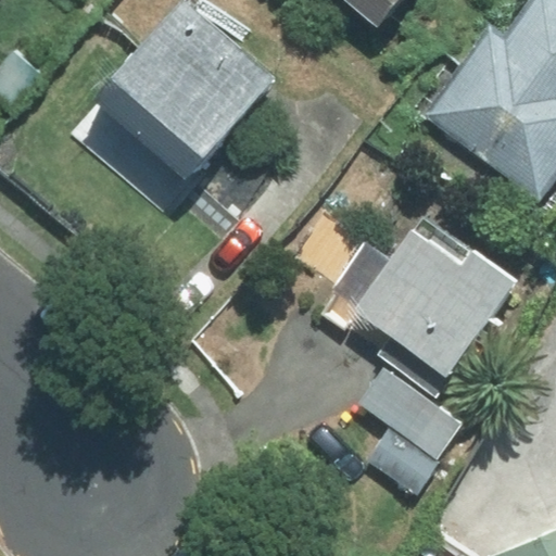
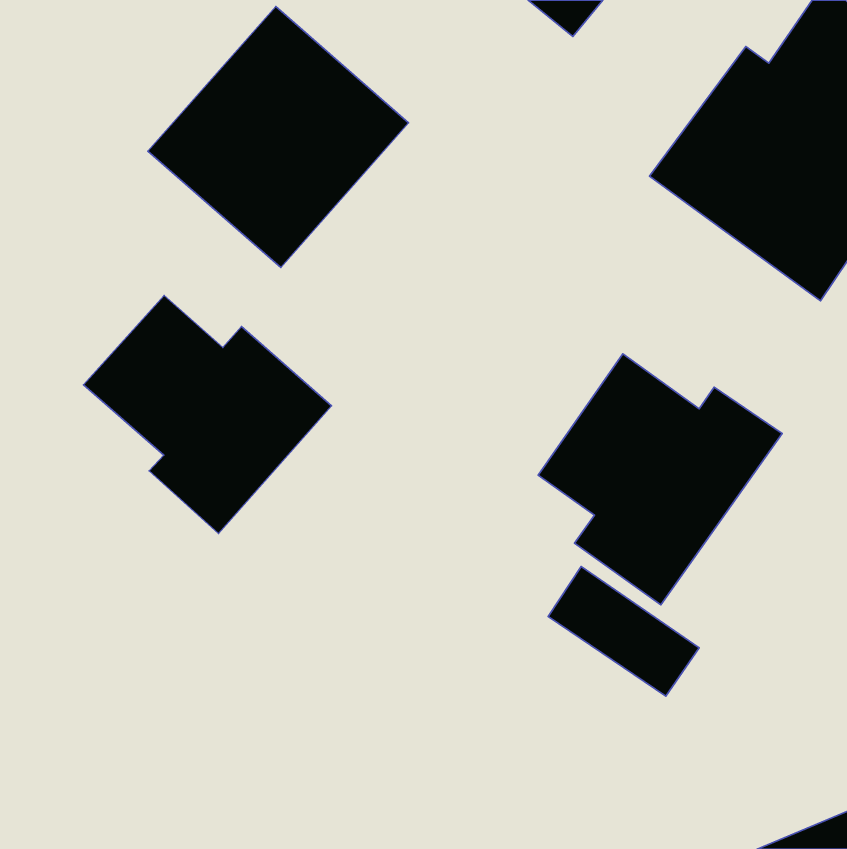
building: none -> [84,295,331,534]

